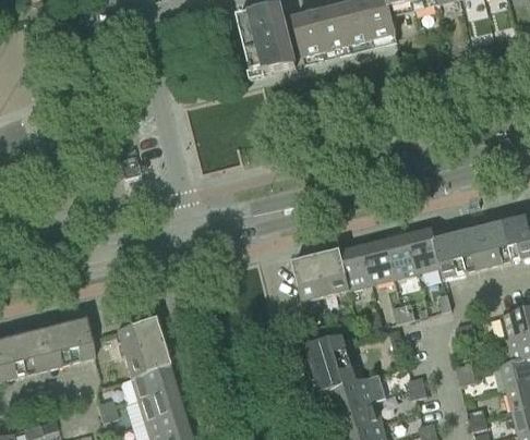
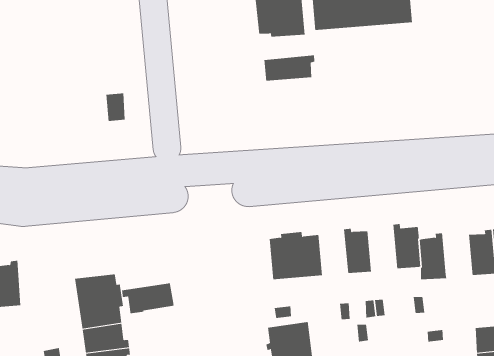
building: none -> [264,55,315,81]
building: [456,228,490,272] -> none
building: [385,230,418,278] -> none
building: [339,242,372,289] -> none
building: [59,317,96,364] -> none
building: none -> [122,282,174,314]

